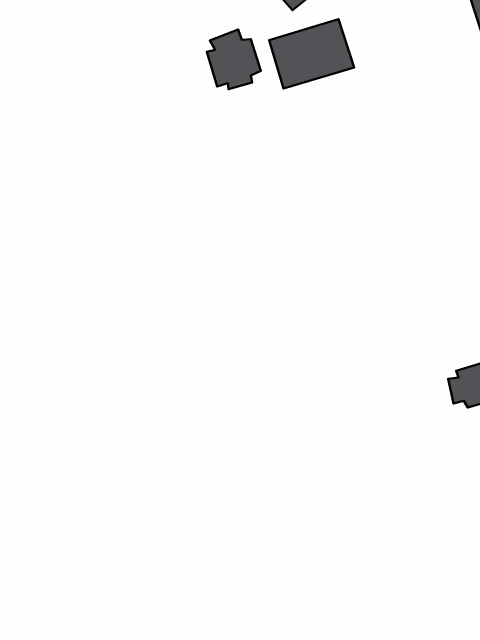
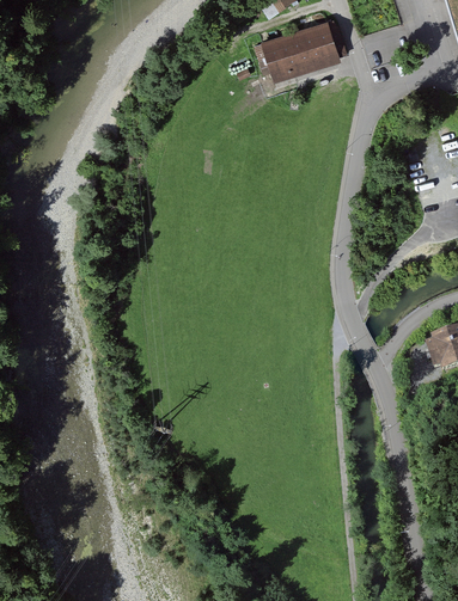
building: [207,30,261,89] -> none

